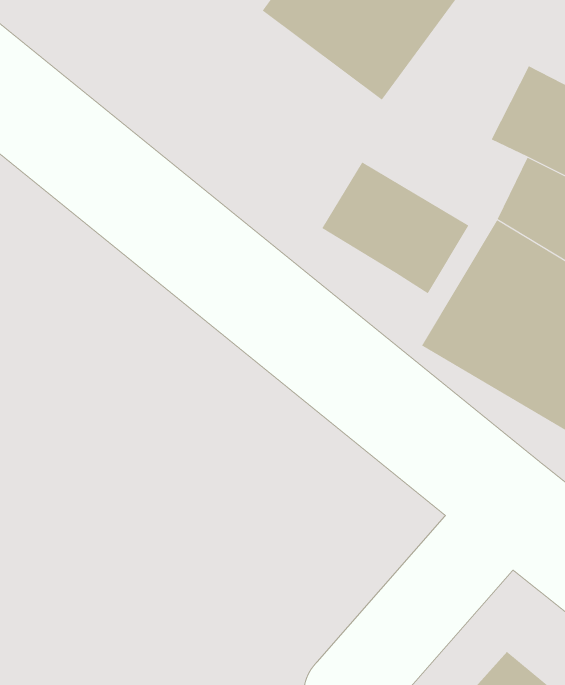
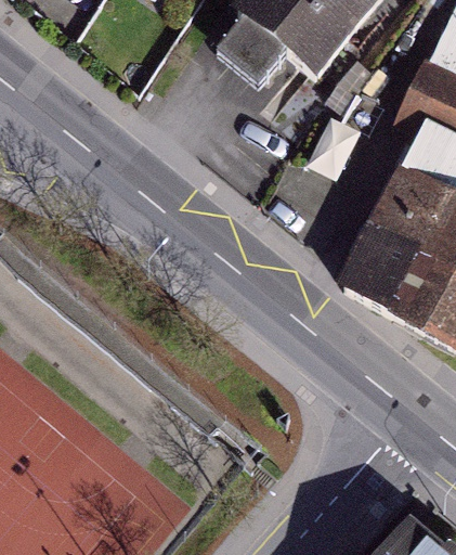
building: [321,161,469,294] -> none

